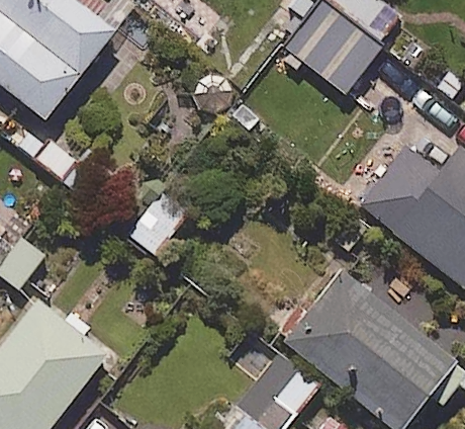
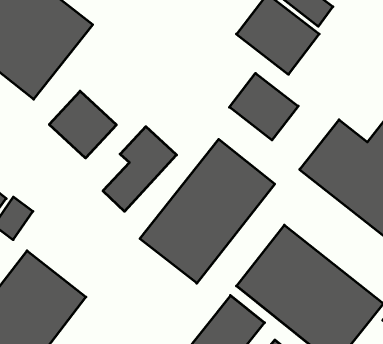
building: none -> [229,73,298,140]
building: none -> [49,91,116,158]
building: none -> [140,139,275,283]

